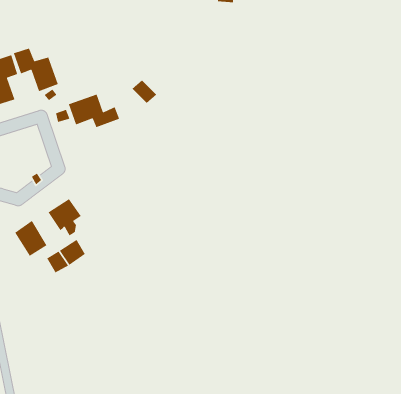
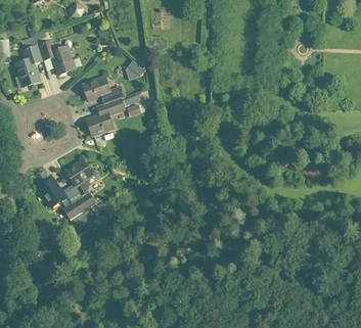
building: none -> [85,96,124,135]

